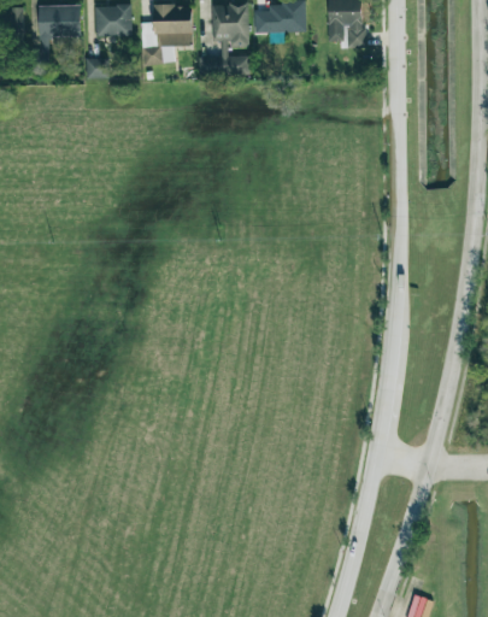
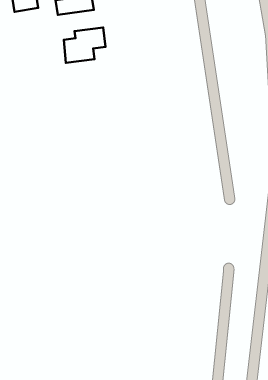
building: none -> [64,27,106,63]

